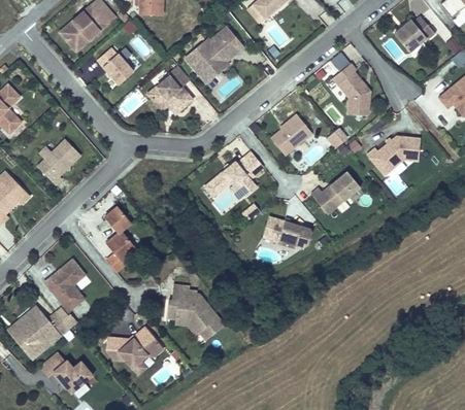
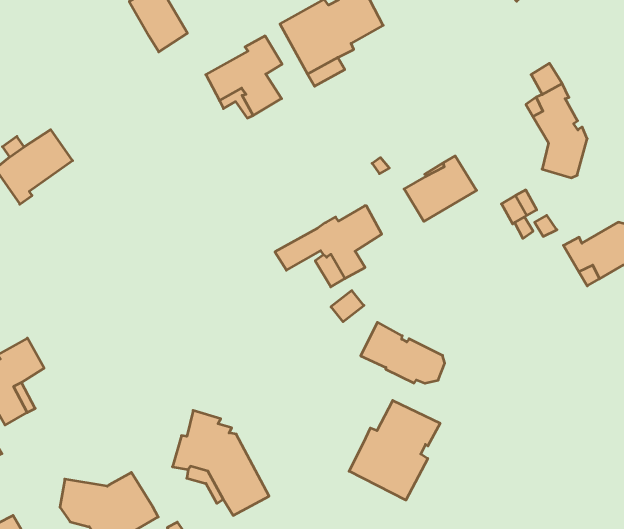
building: [311,171,360,214] -> none
building: [104,206,137,262] -> none
building: none -> [349,400,440,500]

